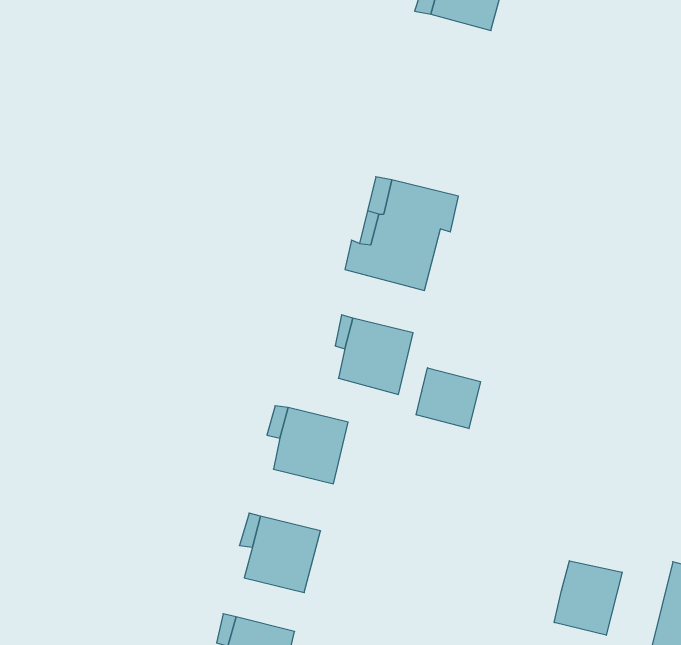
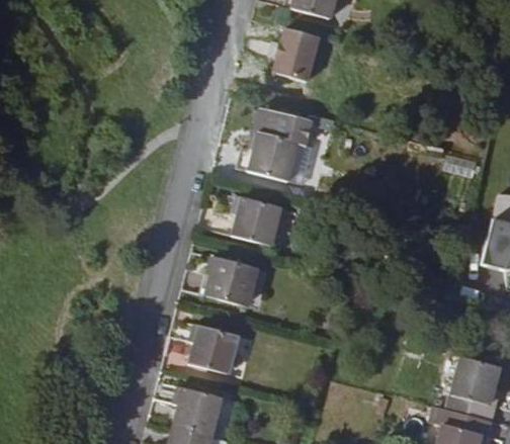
building: none -> [270,28,322,84]
building: [416,368,480,429] -> none
building: [554,561,622,635] -> none

